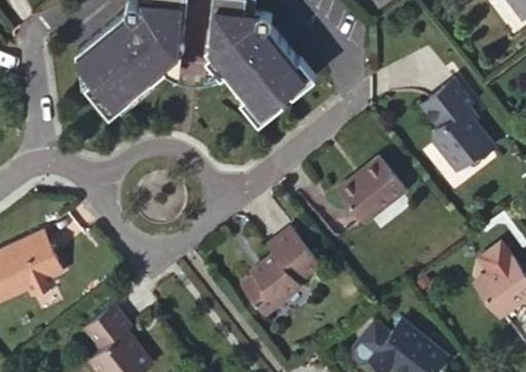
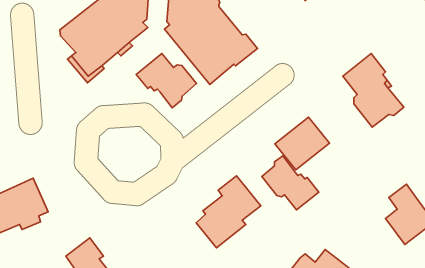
building: none -> [136,53,197,108]
building: none -> [262,156,319,210]

